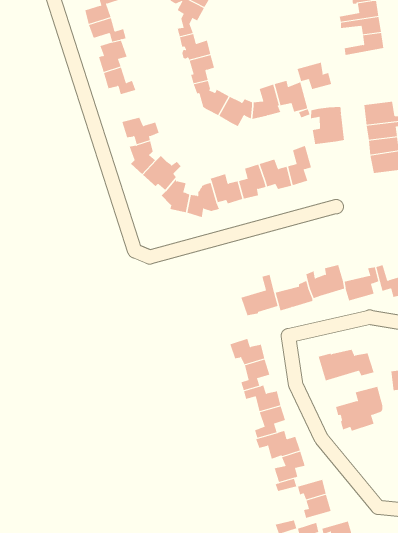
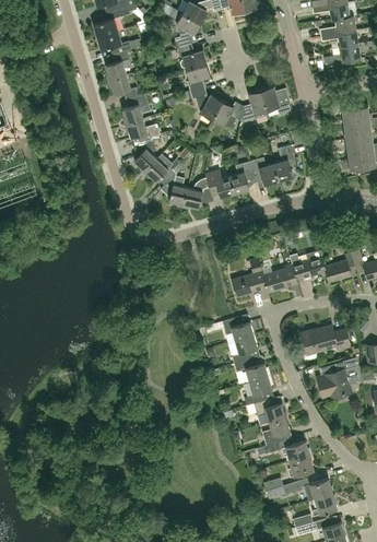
building: [297,62,332,90] -> none
building: none -> [121,93,150,123]
building: [310,106,344,145] -> none

